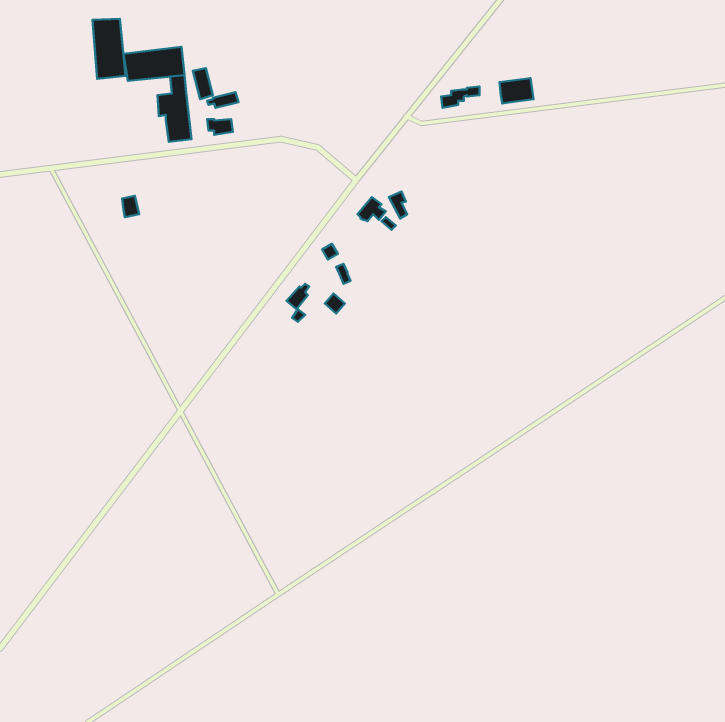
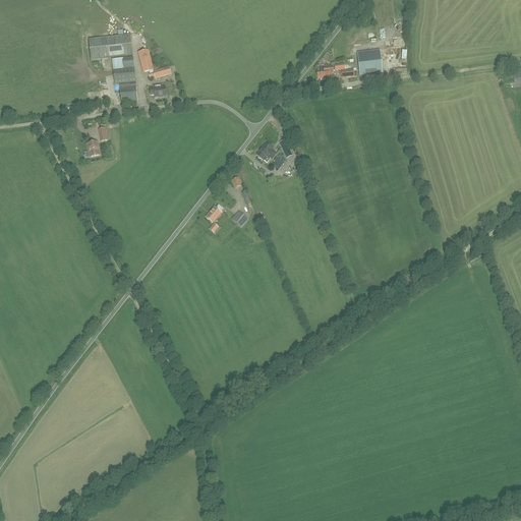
building: [93,19,126,79] -> none

